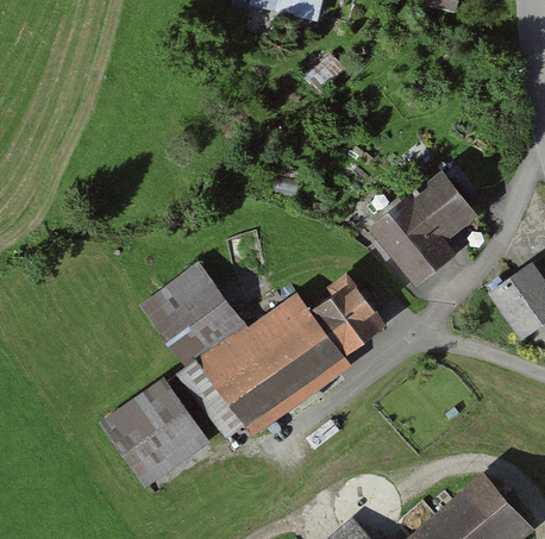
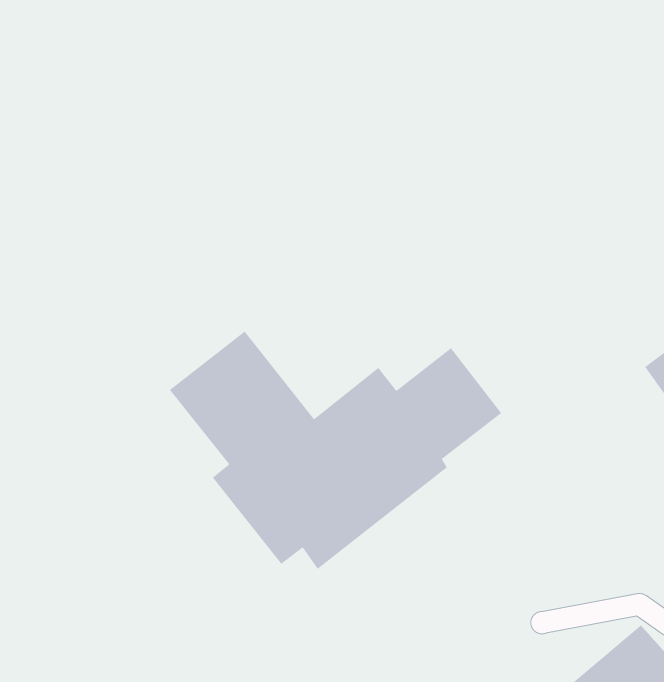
building: [371,170,478,284] -> none
building: [100,382,207,489] -> none

